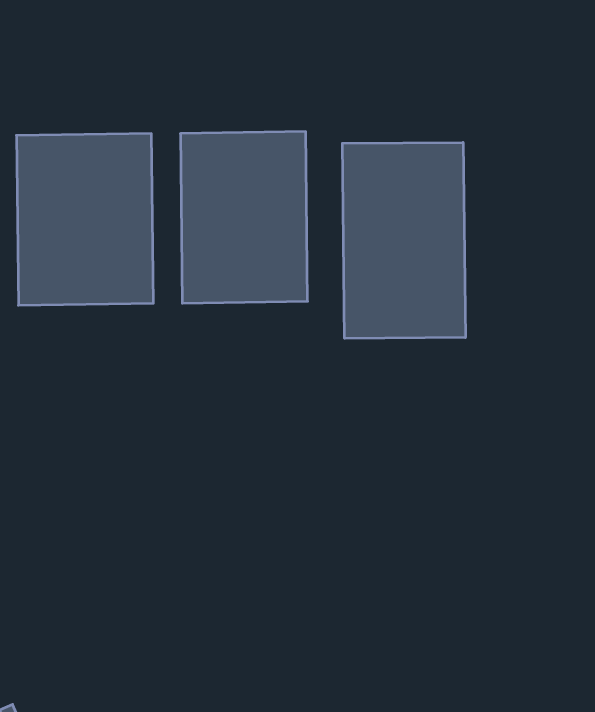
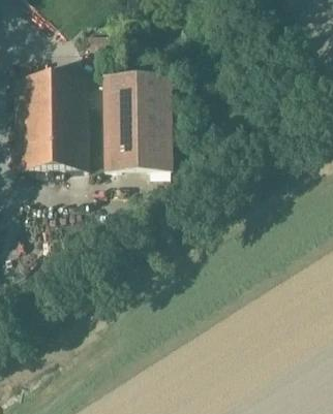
building: [342,142,465,338] -> none

